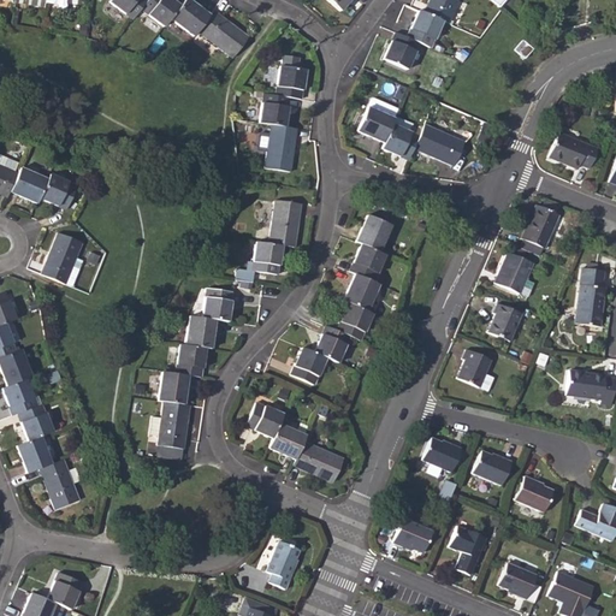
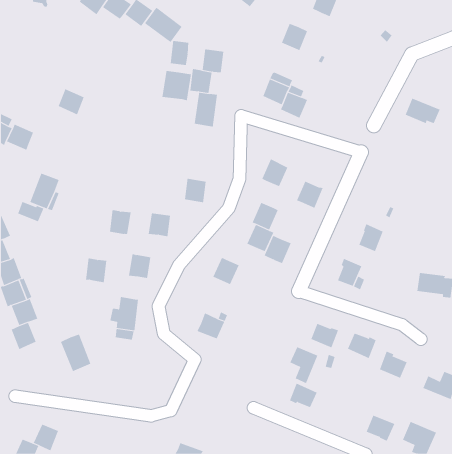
building: [408,10,444,47] -> none
building: none -> [170,40,189,66]
building: none -> [162,70,192,101]
building: [415,123,466,165] -> none
building: [42,173,78,209] -> [58,88,85,115]
building: [270,200,302,248] -> none
building: [521,203,561,255] -> none
building: [350,244,387,282] -> [296,181,324,208]
building: [496,250,534,294] -> none
building: [575,267,608,326] -> none
building: none -> [18,201,44,222]
building: [188,314,218,348] -> [109,209,132,234]
building: [314,325,351,363] -> [264,235,291,264]
building: [160,371,190,404] -> [85,258,107,283]
building: [248,402,285,438] -> none
building: [295,440,345,482] -> none
building: [40,457,82,509] -> [60,334,91,372]
building: [449,523,487,574] -> [290,347,318,384]
building: [266,544,300,592] -> none

